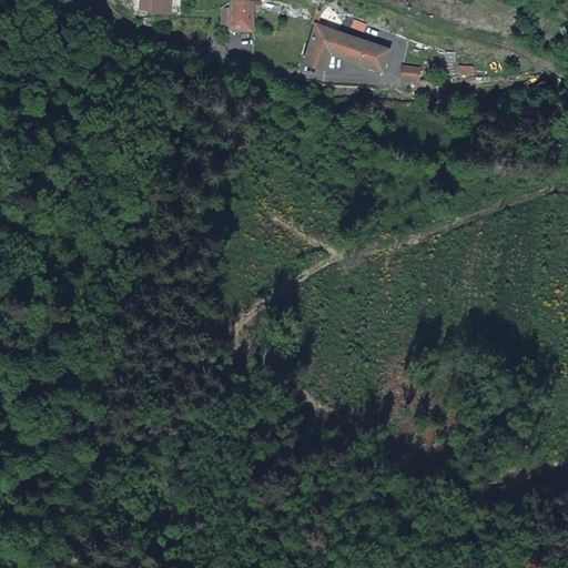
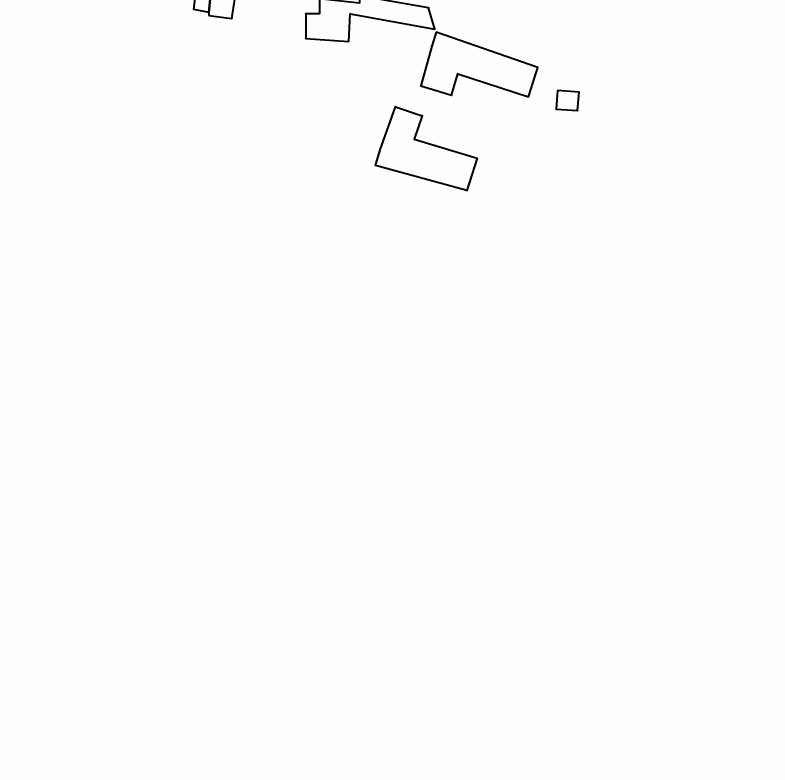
building: none -> [375,107,477,191]

